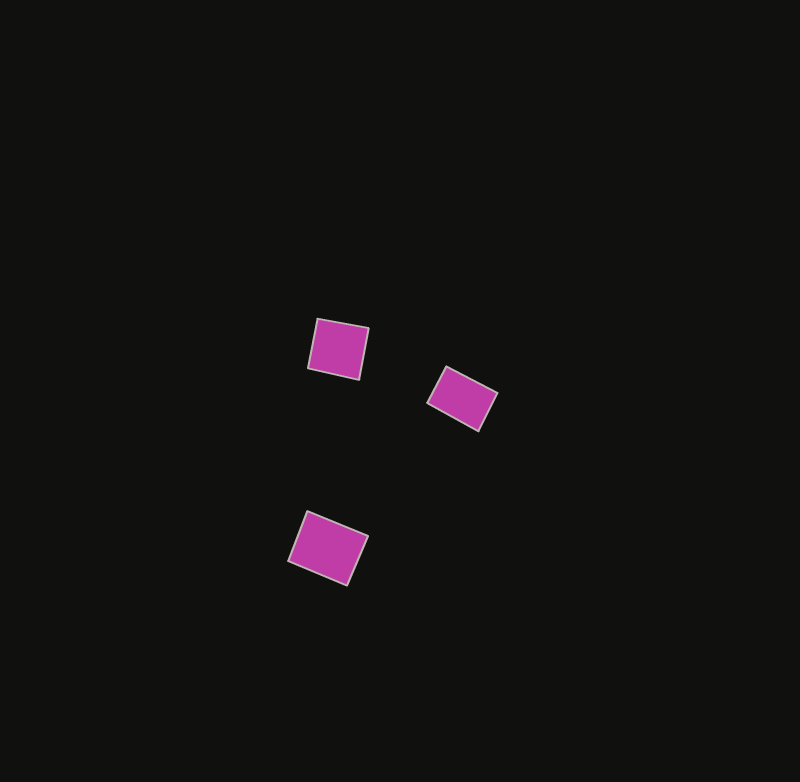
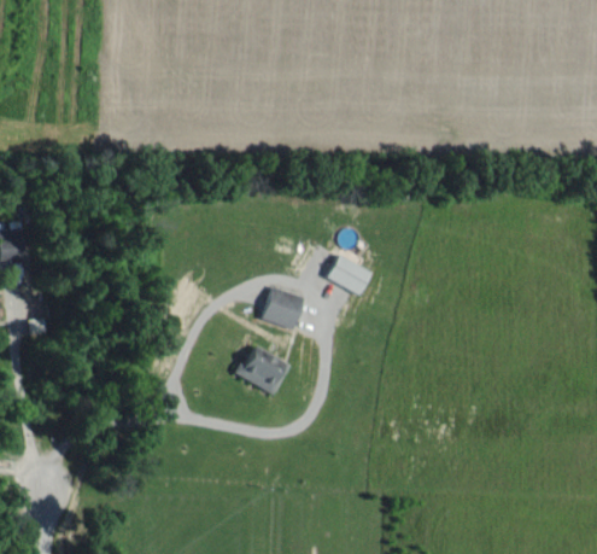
building: [308,319,369,380] -> [263,290,302,328]

